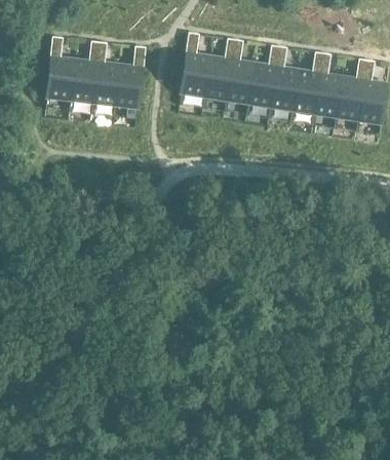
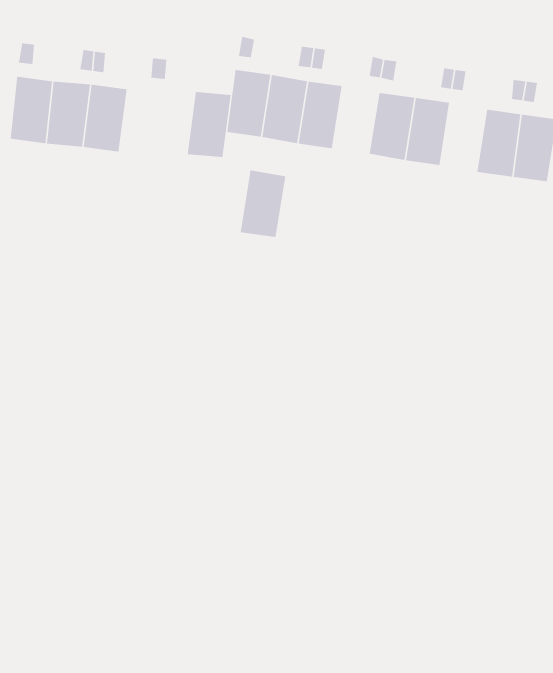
building: [246,62,275,104] -> [240,170,286,238]
building: [114,64,142,105] -> [187,91,232,158]
building: [313,72,342,115] -> none

